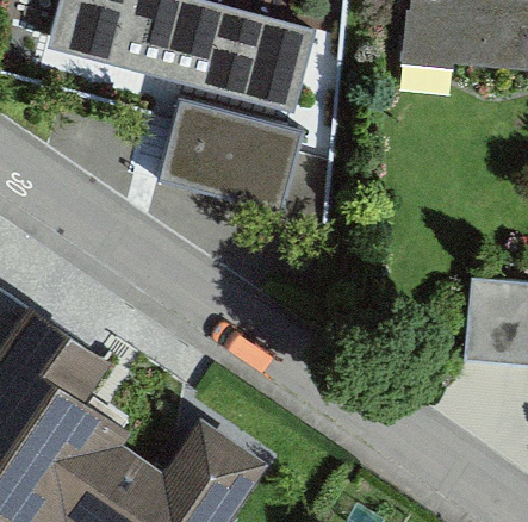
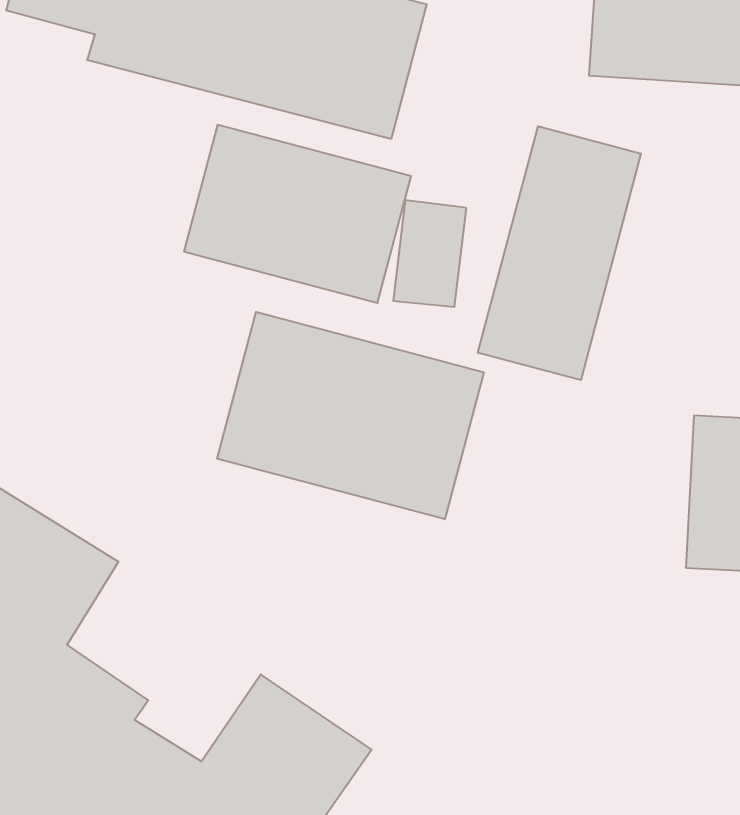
building: none -> [478,126,641,380]
building: none -> [217,312,484,519]

